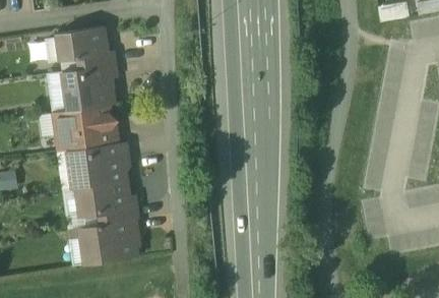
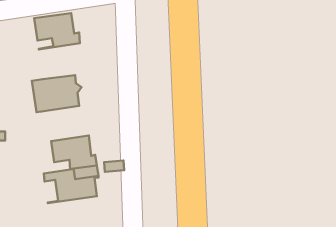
building: [62,64,116,110] -> none
building: [65,142,125,189] -> none

